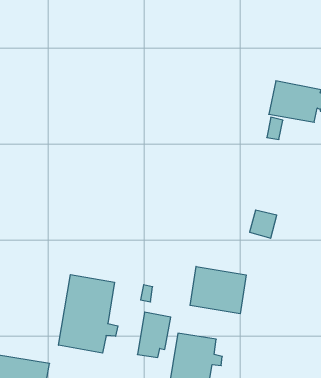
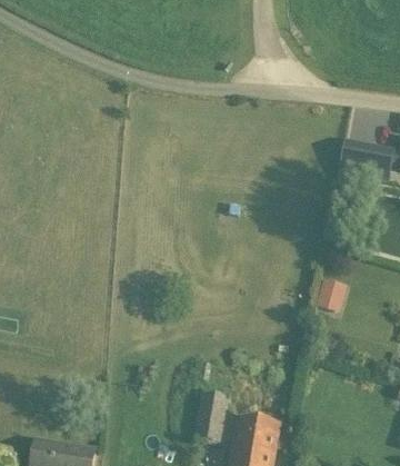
building: [190,266,246,314] -> none
building: [59,275,118,353] -> none

